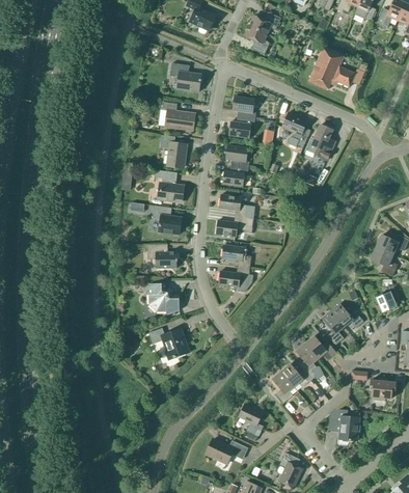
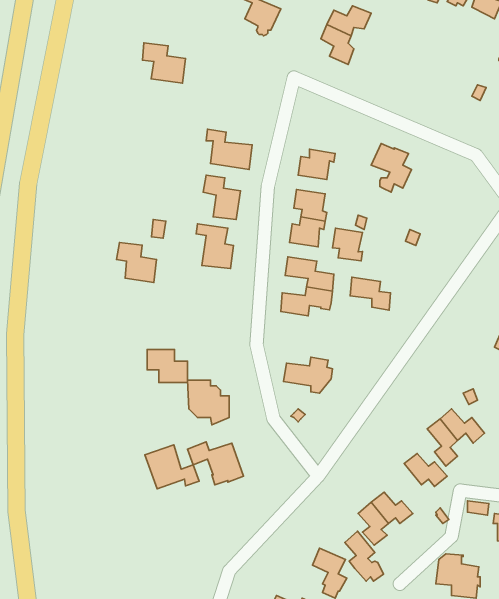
building: [308,48,354,89] -> none
building: [170,63,201,92] -> [142,43,185,83]
building: [233,97,255,119] -> none
building: [306,125,333,161] -> none
building: none -> [333,228,363,261]
building: [153,206,182,235] -> [116,242,157,283]
building: [147,244,176,268] -> [147,350,187,383]
building: [222,245,251,269] -> [350,277,390,310]
building: none -> [145,445,199,489]
building: [296,344,324,380] -> [345,531,383,581]

